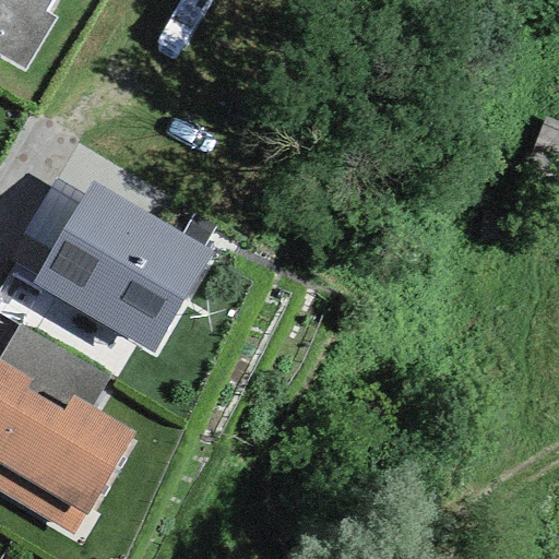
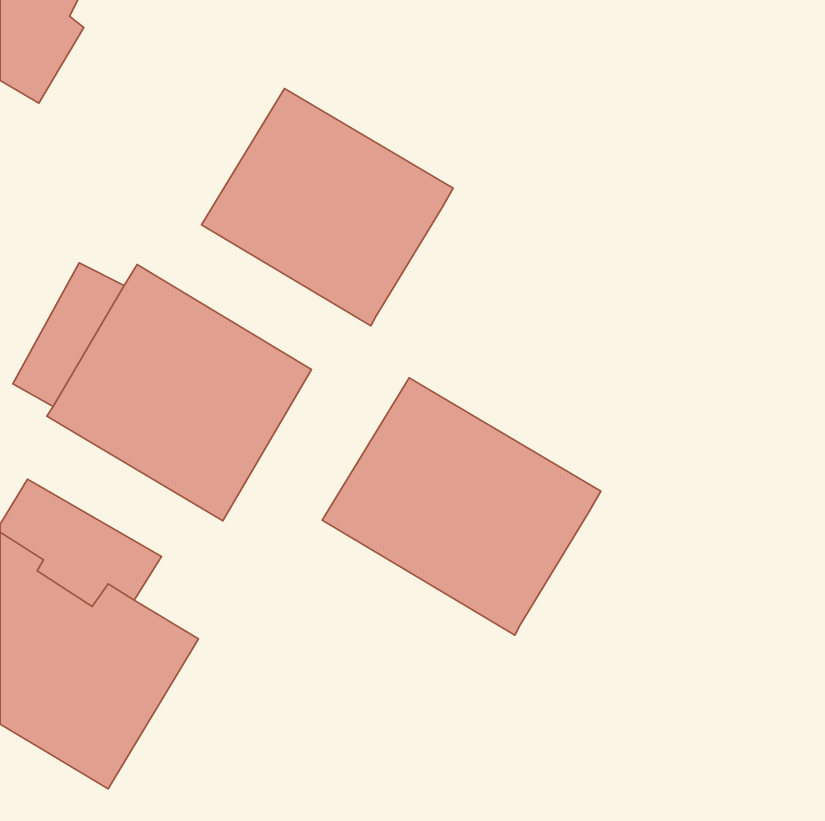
building: none -> [202,89,453,326]
building: none -> [322,378,601,635]

